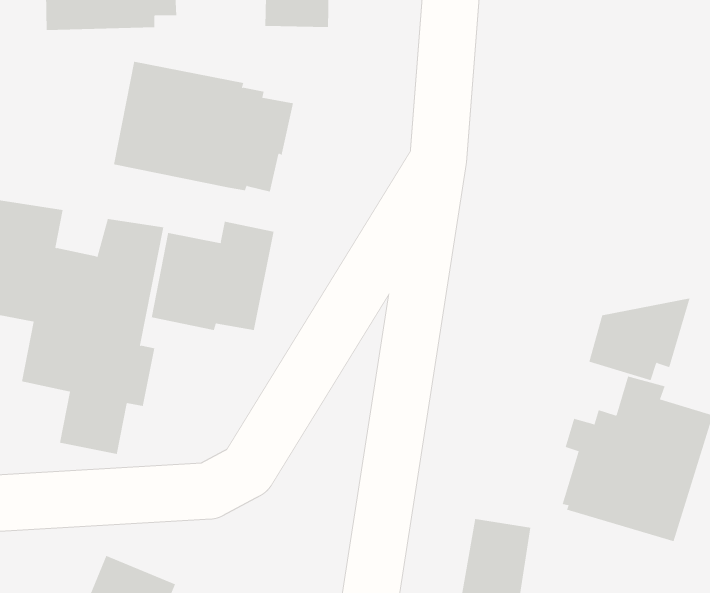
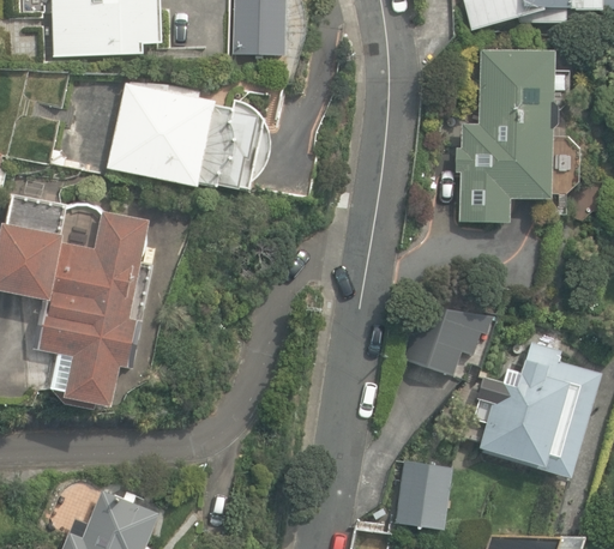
building: none -> [456,48,558,222]
building: [151,221,274,331] -> none
building: [588,298,690,381] -> [404,296,488,364]

